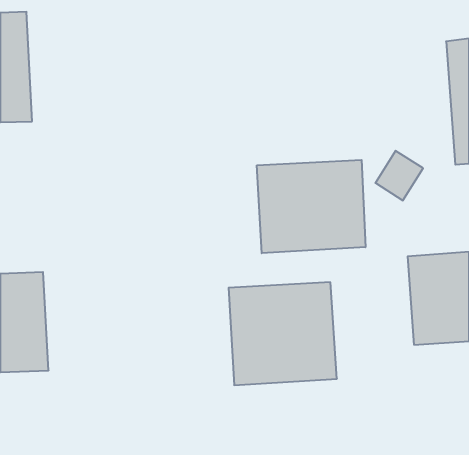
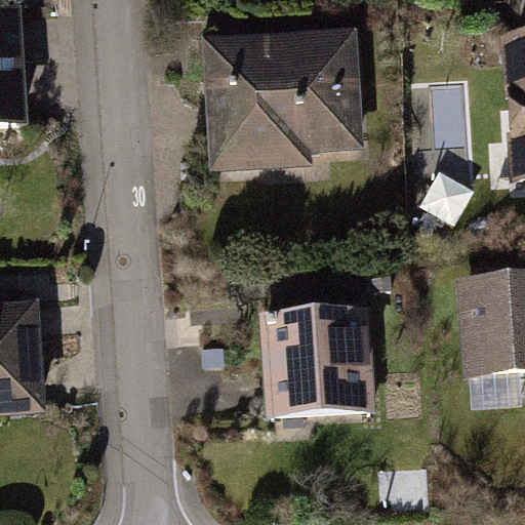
building: none -> [199,38,355,175]
building: [257,160,365,253] -> none

